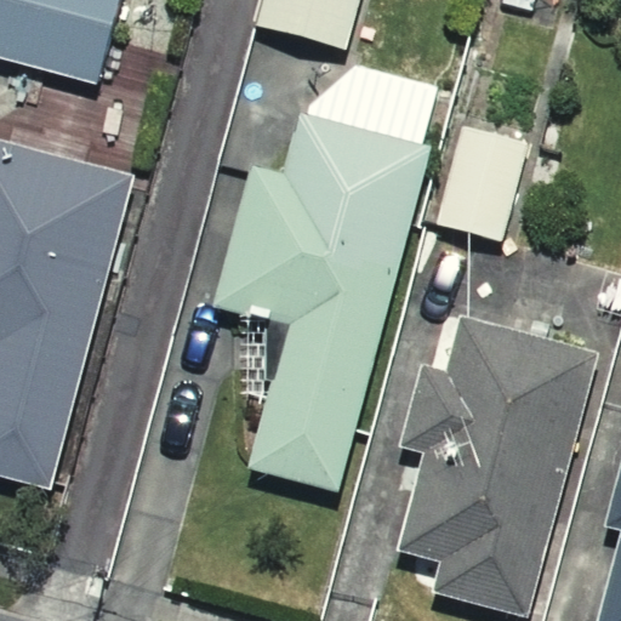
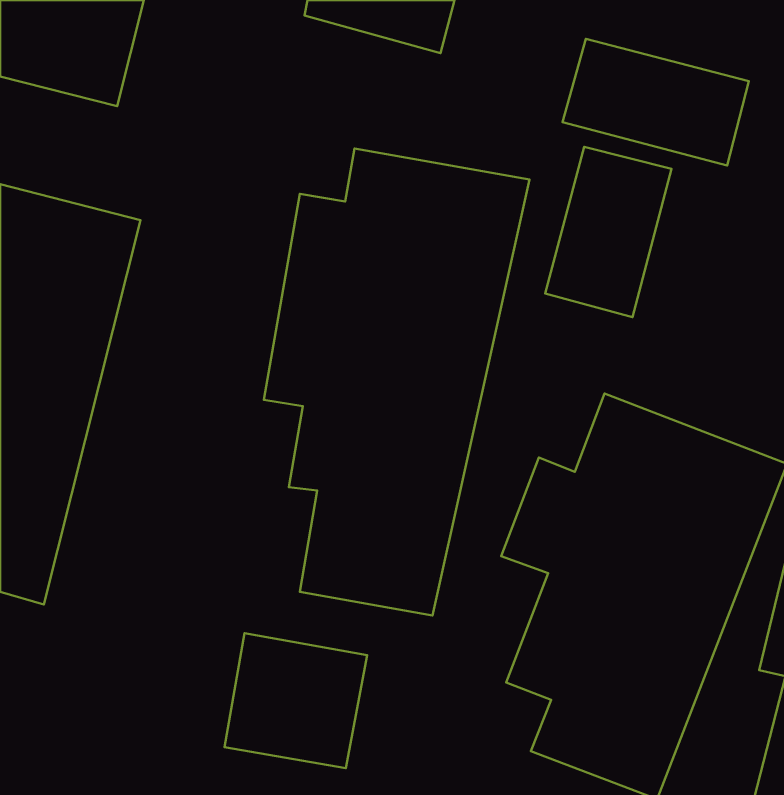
building: none -> [563,39,749,166]
building: none -> [225,633,367,768]

